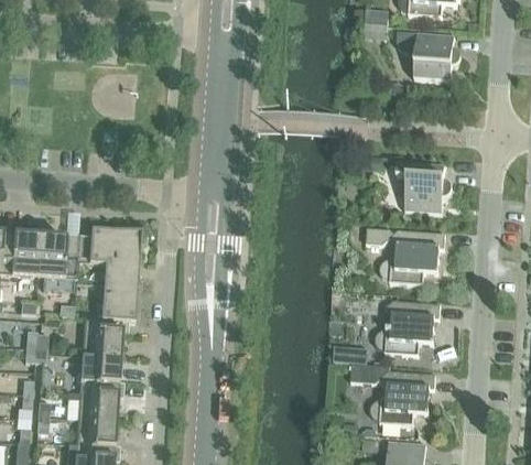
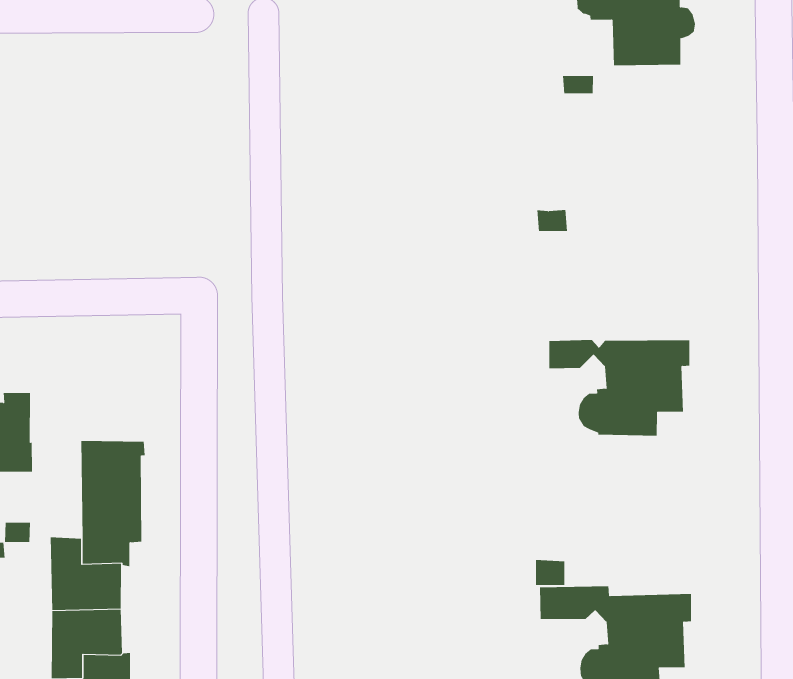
building: [397,164,453,214] -> none
building: [77,229,141,267] -> none
building: [375,301,441,355] -> none

